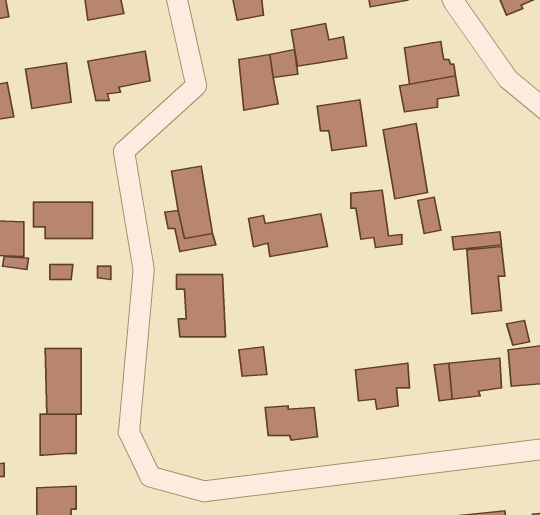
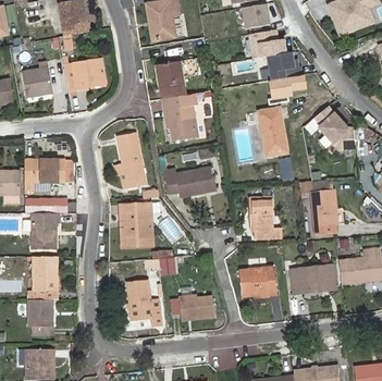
building: [291,24,347,66] -> [252,30,289,59]
building: [317,100,366,151] -> [167,106,199,139]
building: none -> [318,108,356,151]
building: [351,190,402,247] -> [252,196,286,234]
building: none -> [33,212,60,249]
building: none -> [126,278,160,323]

